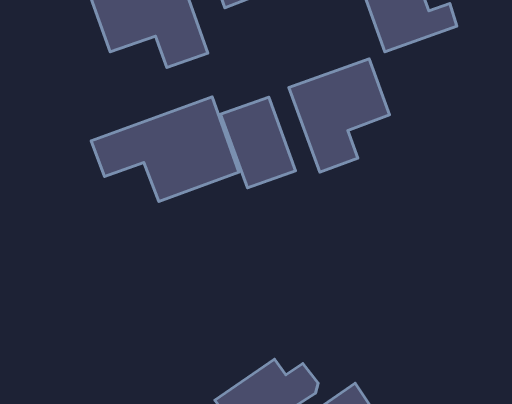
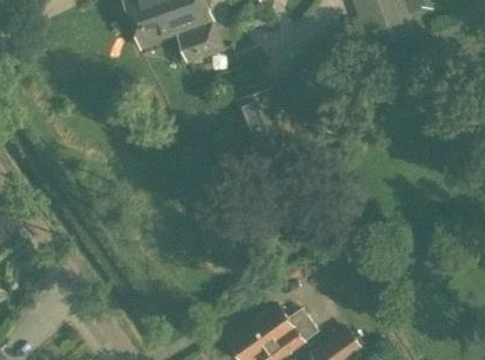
building: [289,59,390,172] -> none
building: [91,97,239,202] -> none

